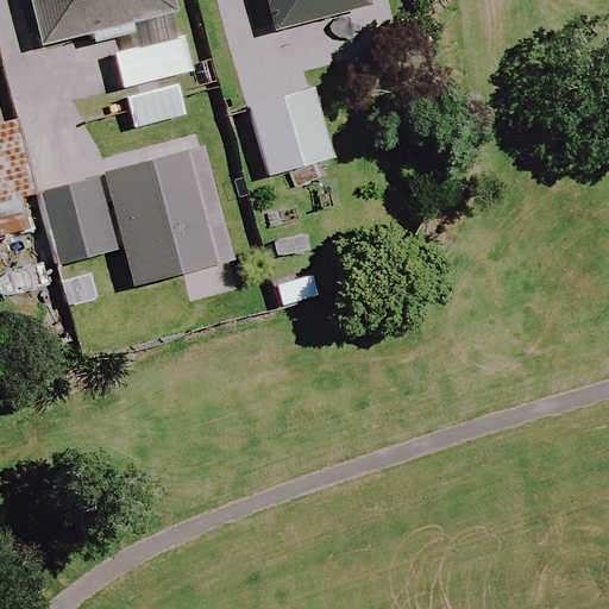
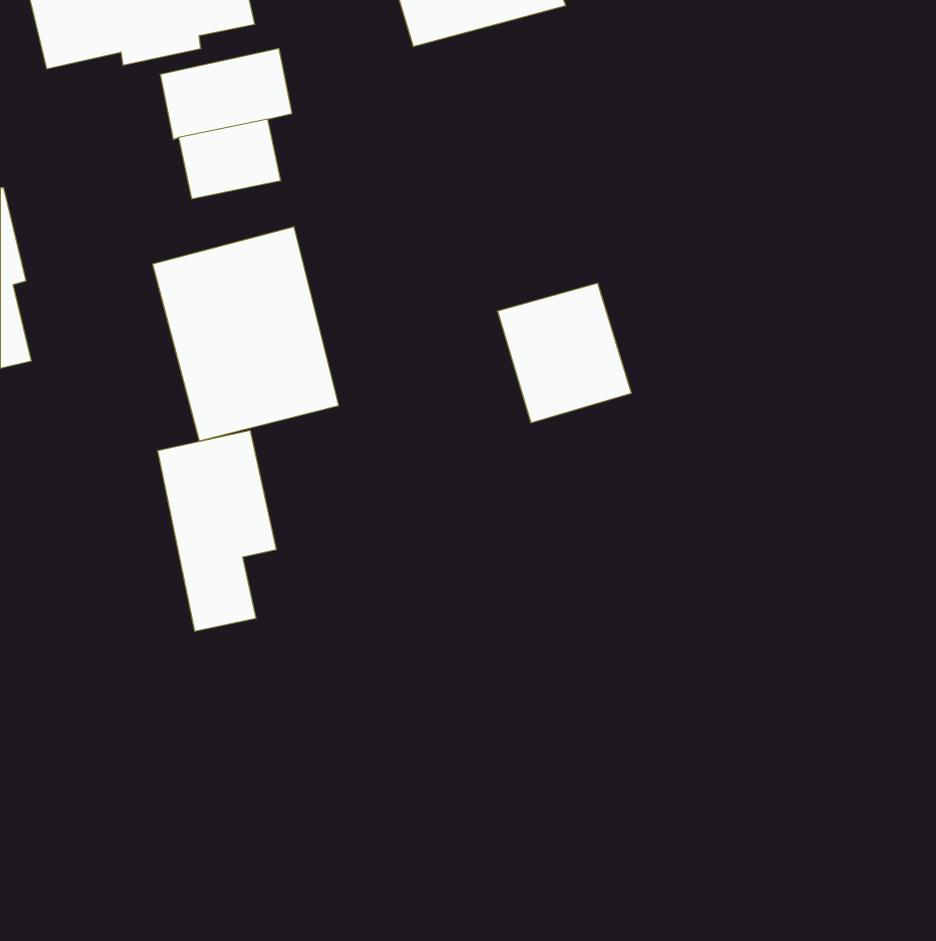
building: [249,86,334,175] -> [497,283,631,423]
building: [39,176,115,304] -> [157,430,276,631]

